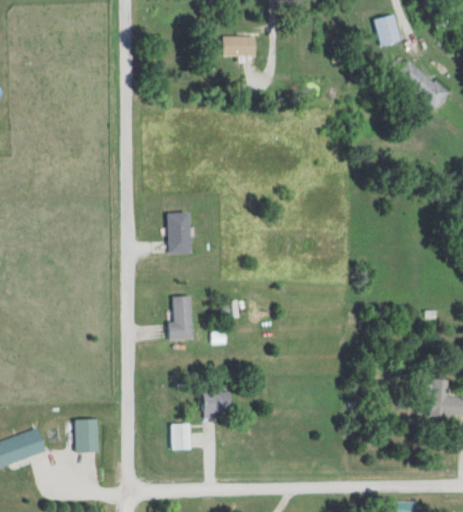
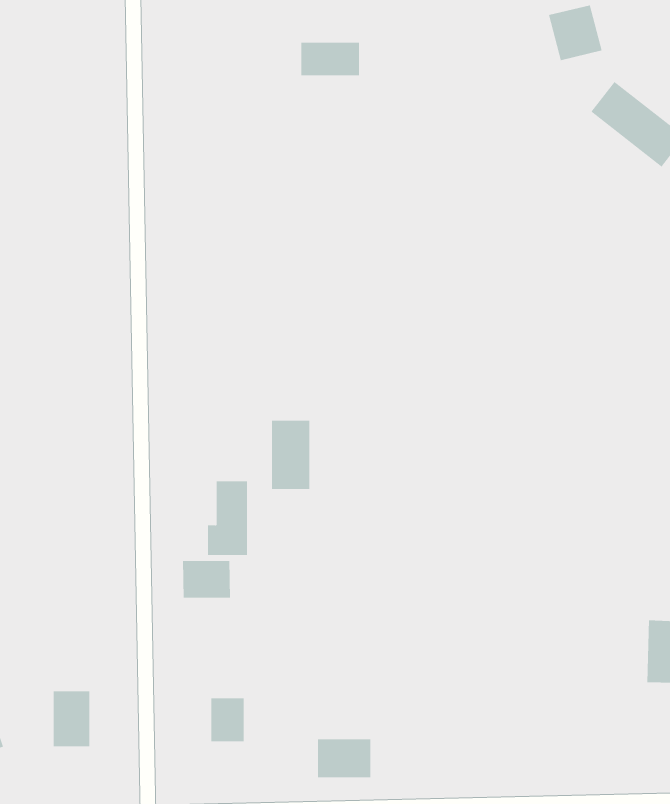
building: [167,212,190,253] -> [271,420,310,489]
building: none -> [182,560,231,598]
building: [200,392,232,415] -> [317,739,371,778]

